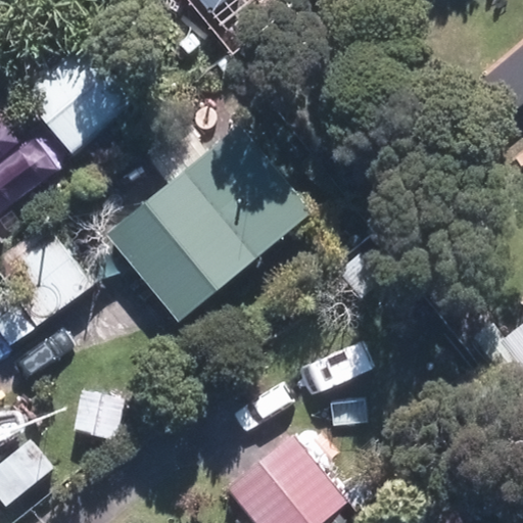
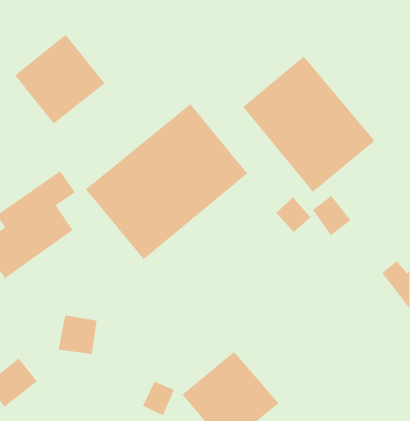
building: none -> [242,56,376,193]

